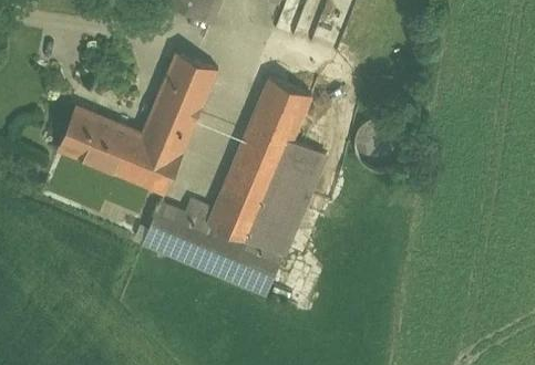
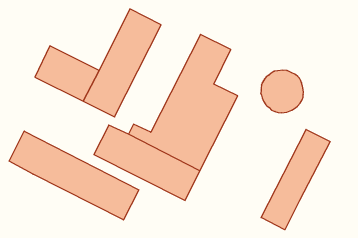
building: none -> [261,129,330,230]
building: none -> [9,131,139,220]

